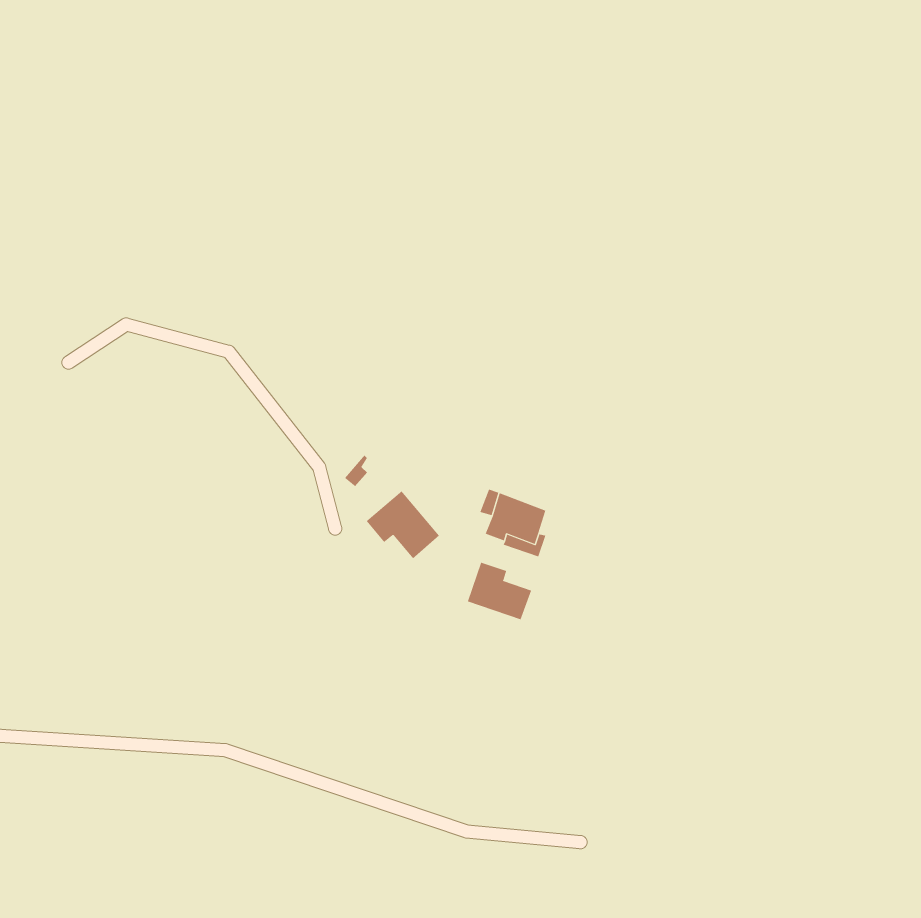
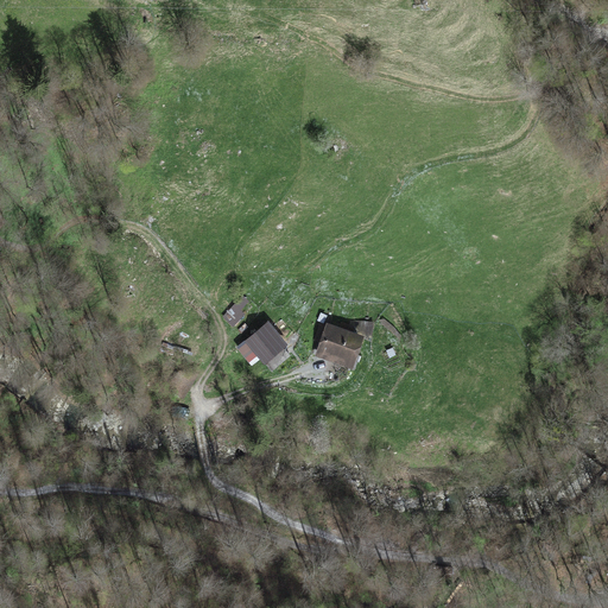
building: [467,562,532,620] -> none

